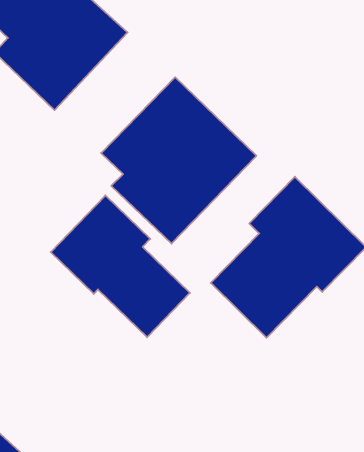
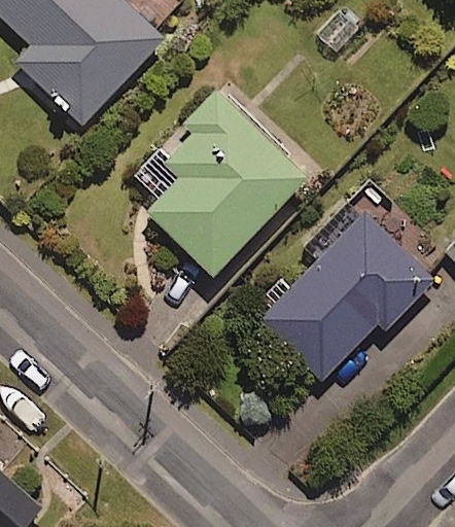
building: [51,195,190,337] -> none

